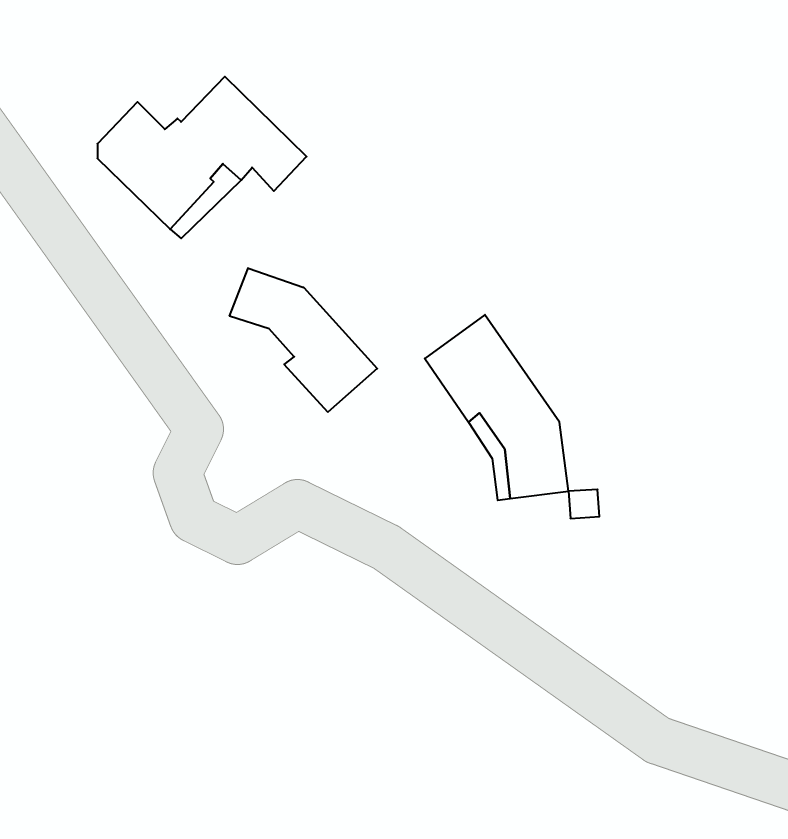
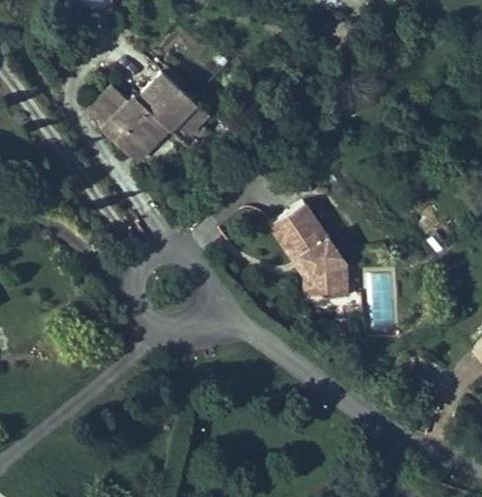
building: [230,268,377,412] -> none

